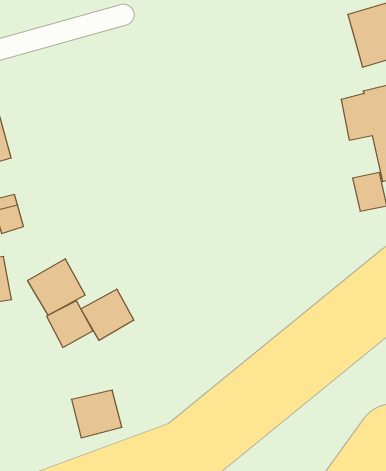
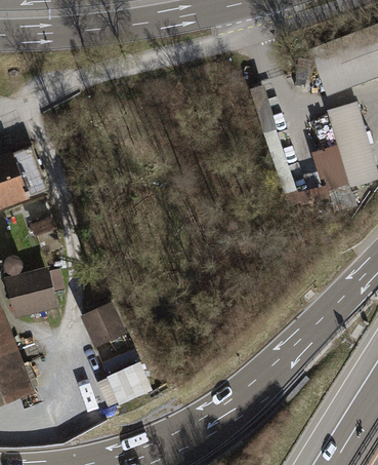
building: [28,259,85,315] -> none
building: [81,289,134,340] -> none

